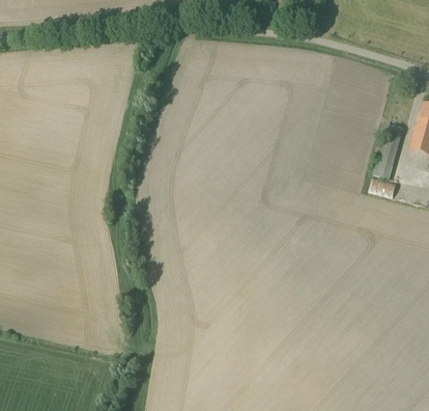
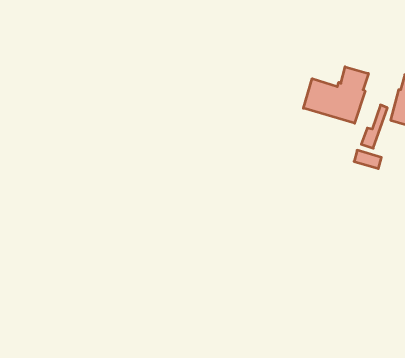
building: none -> [303,67,368,123]

